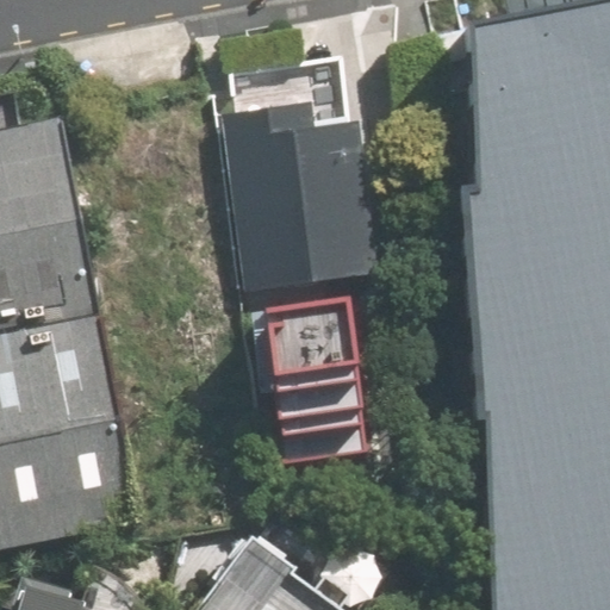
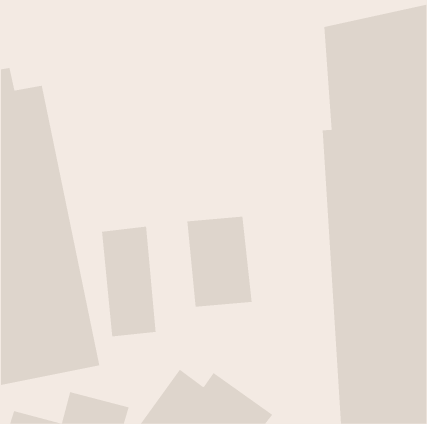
building: [218,58,381,294] -> none
building: none -> [102,226,156,337]

